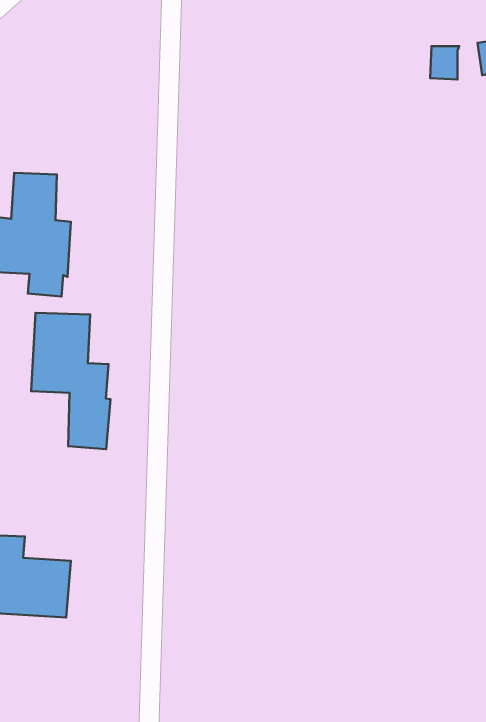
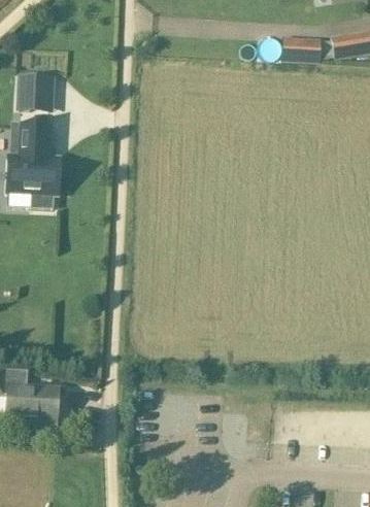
building: none -> [29,72,51,110]
building: [31,313,110,449] -> none

